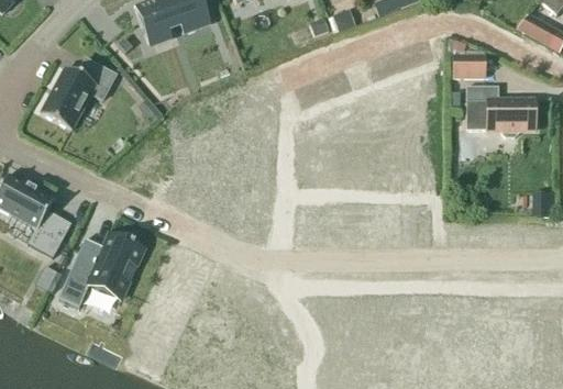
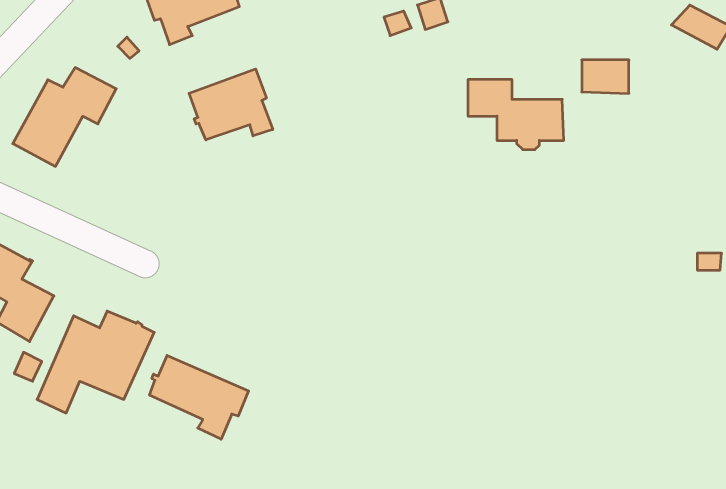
building: none -> [189,69,273,140]
building: [466,86,536,136] -> [468,80,564,150]
building: none -> [150,355,249,439]

